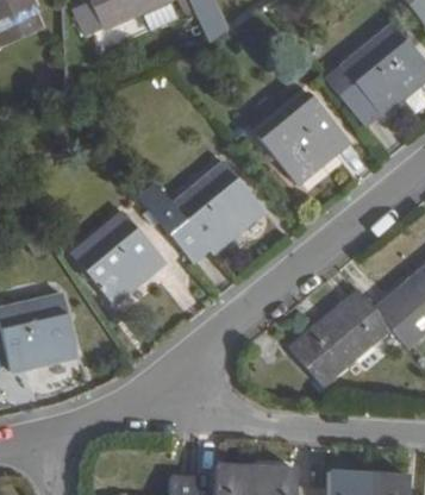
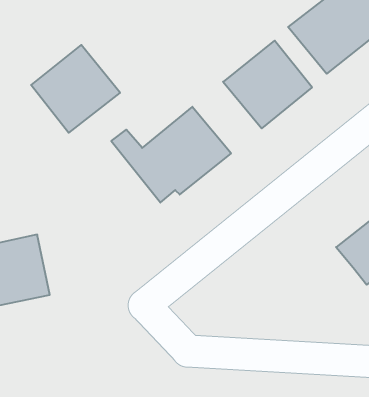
building: [71,211,164,302] -> [31,45,120,133]
building: [289,289,393,386] -> none

